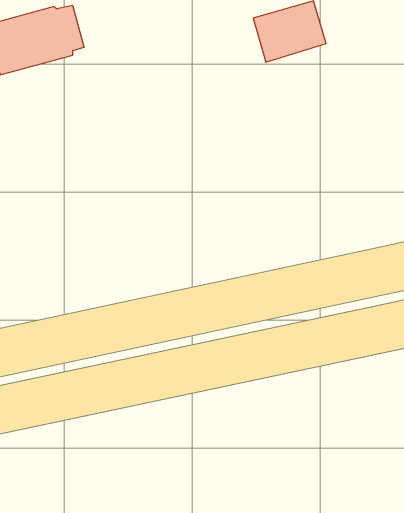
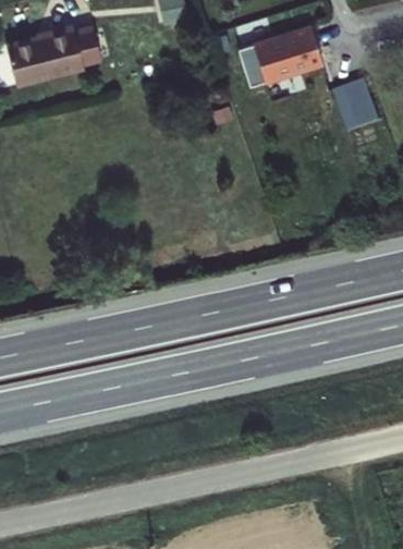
building: none -> [332,78,379,132]

